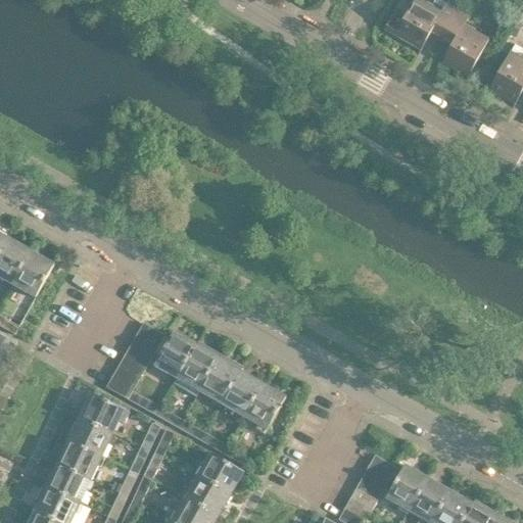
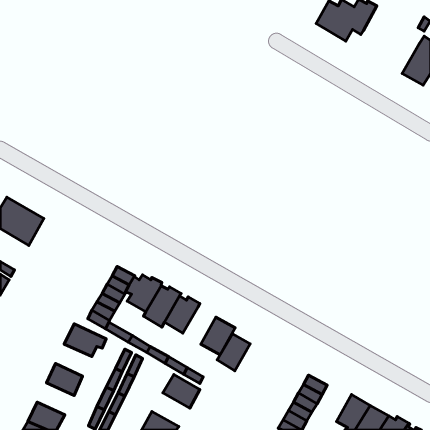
building: [438,7,487,77] -> none
building: [223,372,263,417] -> [217,334,250,371]
building: [68,417,112,456] -> none
building: [46,464,91,503] -> none
building: [386,465,427,511] -> none
building: [185,476,231,517] -> none

